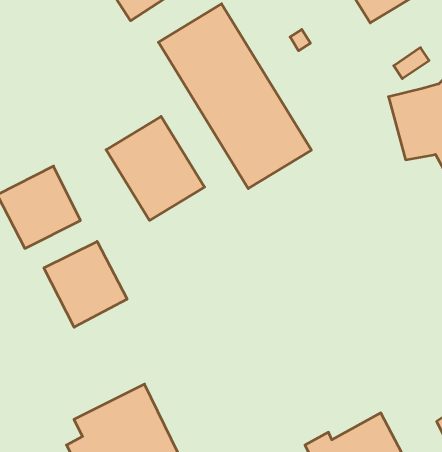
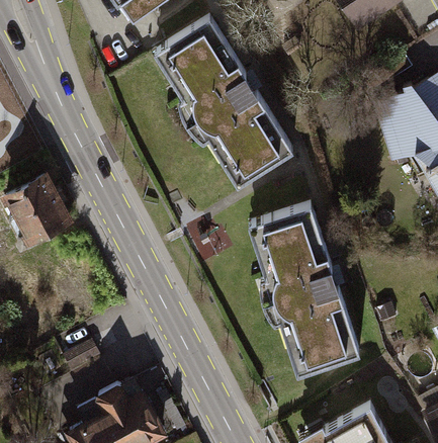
building: [106,116,205,220] -> none
building: none -> [247,204,365,379]
building: [44,241,127,327] -> none

